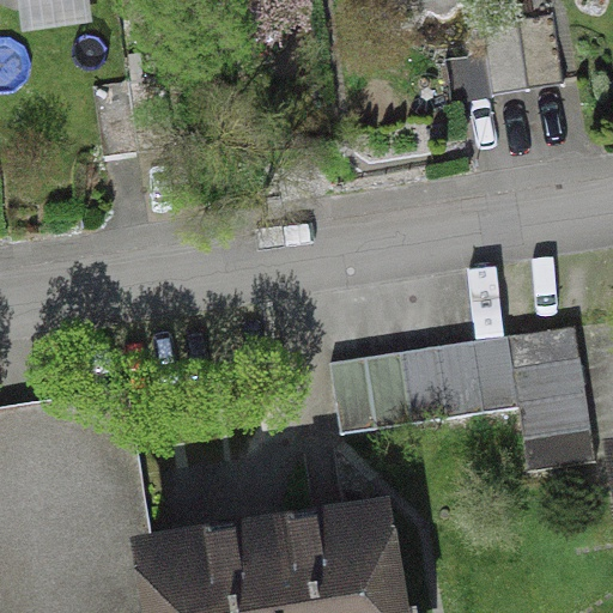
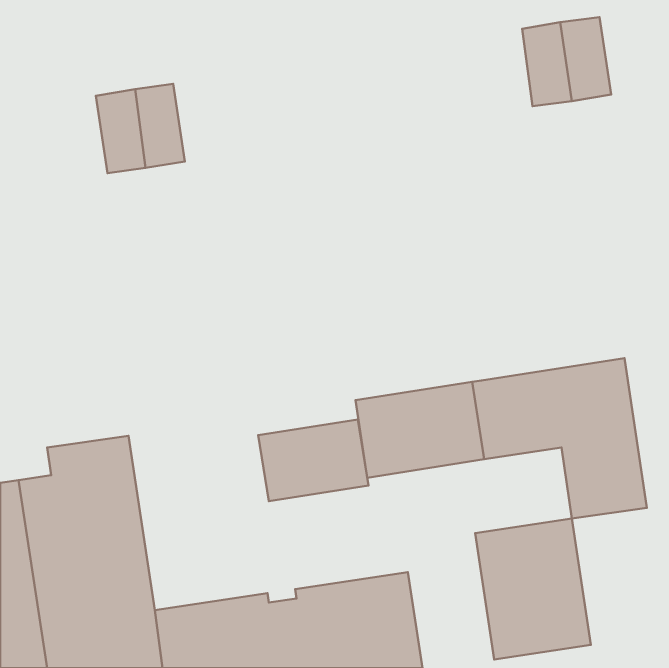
building: none -> [258,419,369,501]
building: none -> [475,518,591,660]

